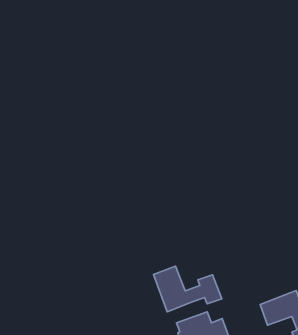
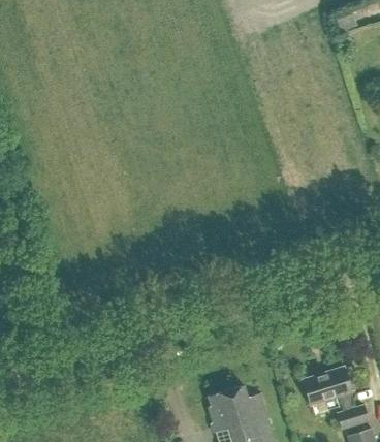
building: [153,266,222,312] -> none

